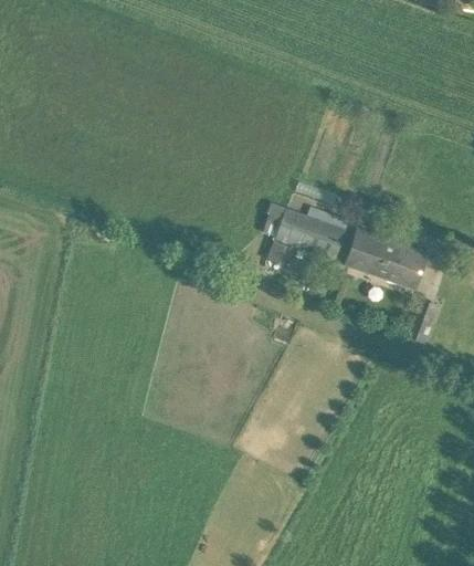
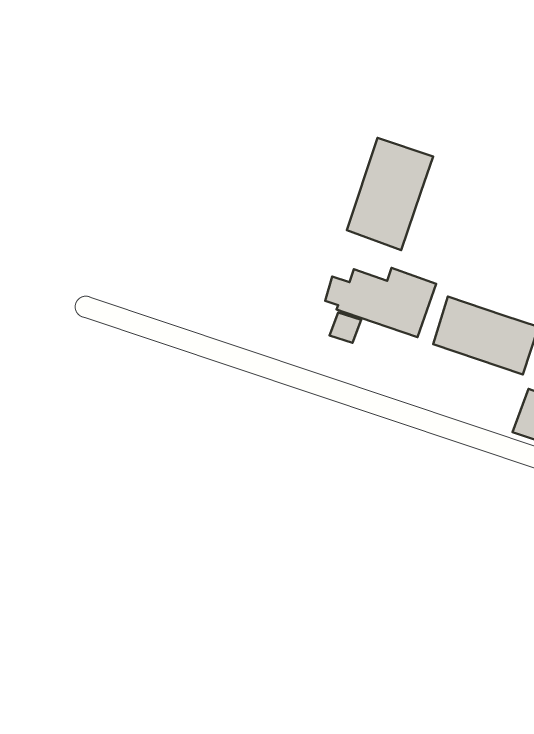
building: none -> [347,138,433,250]

